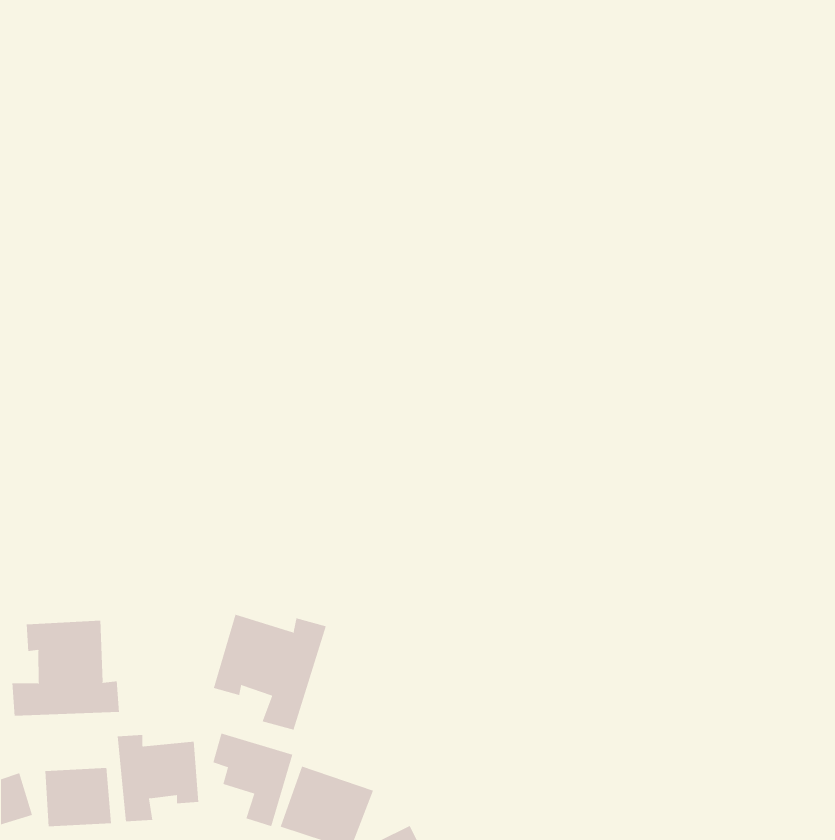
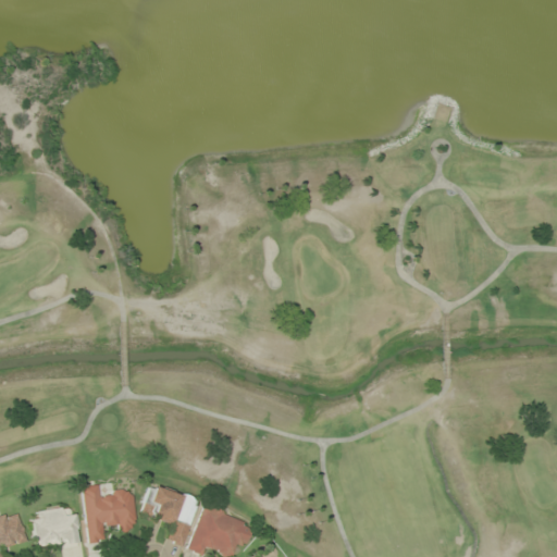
building: [213,614,326,731] -> none
building: [12,620,119,716] -> none

